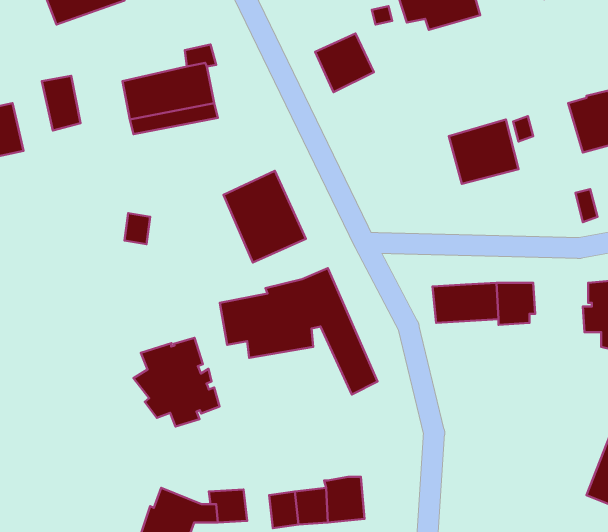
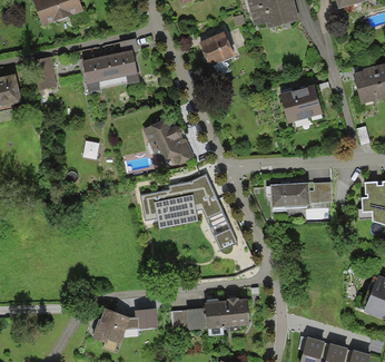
building: [134,338,219,426] -> none
building: none -> [226,297,250,326]

